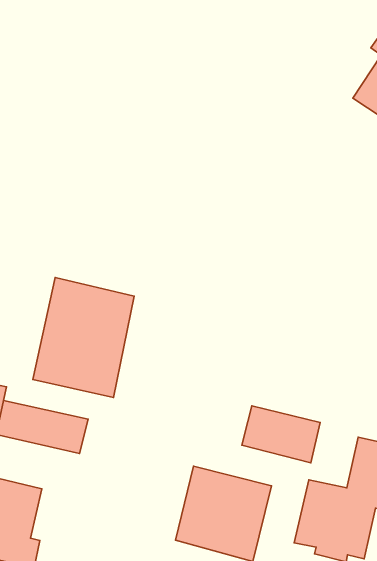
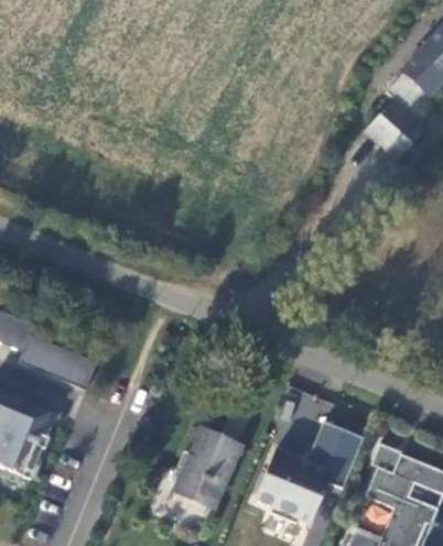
building: [33,278,134,397] -> none
building: [242,406,320,463] -> none

